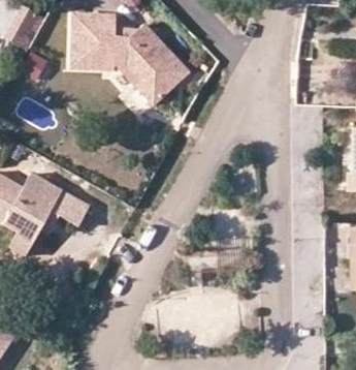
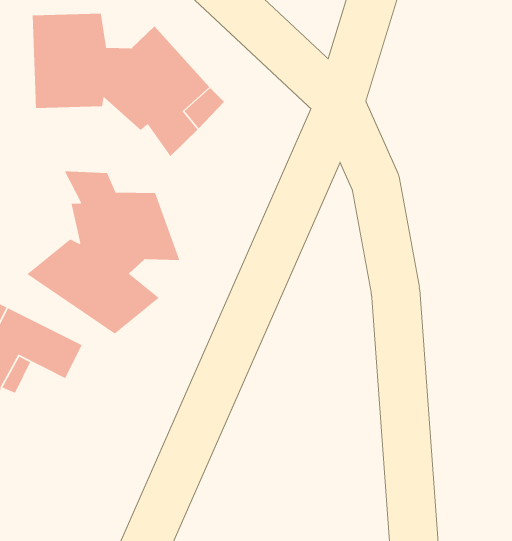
building: none -> [26,171,181,334]

